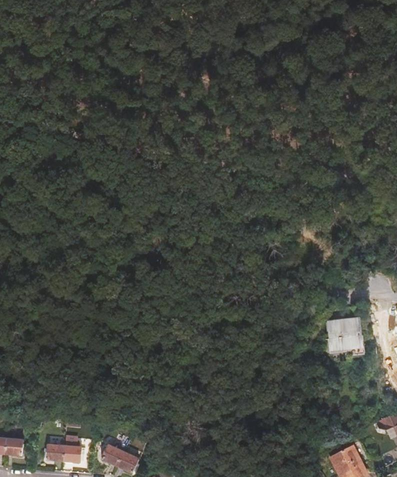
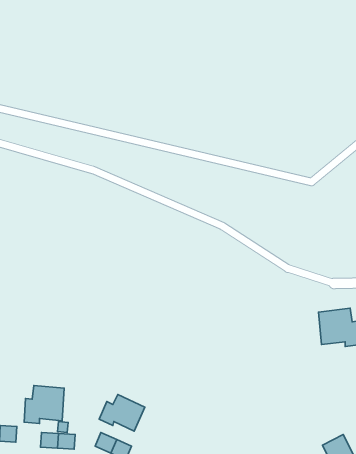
building: none -> [24,385,64,423]
building: none -> [99,394,145,431]

